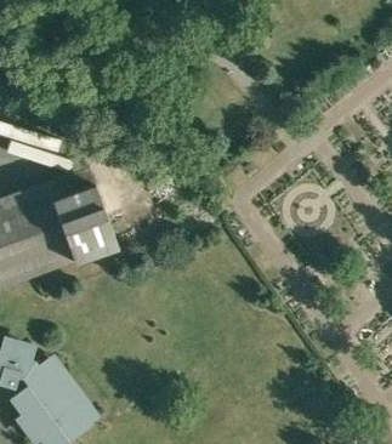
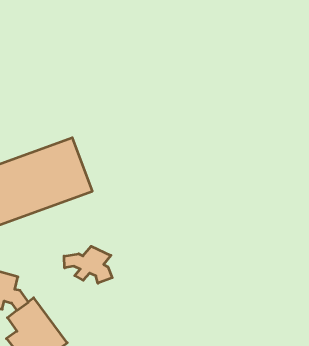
building: none -> [64,246,112,283]

